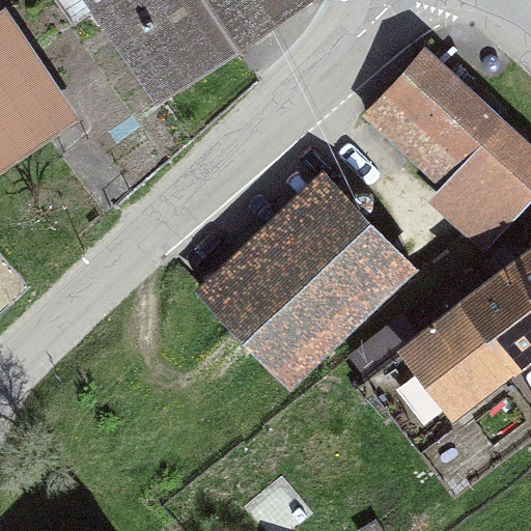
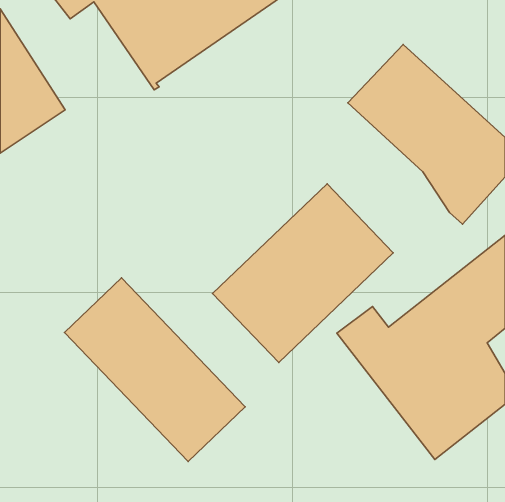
building: none -> [65,278,245,461]

